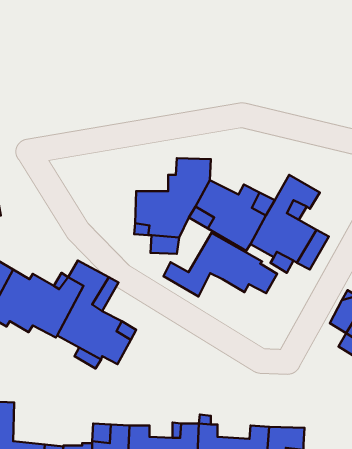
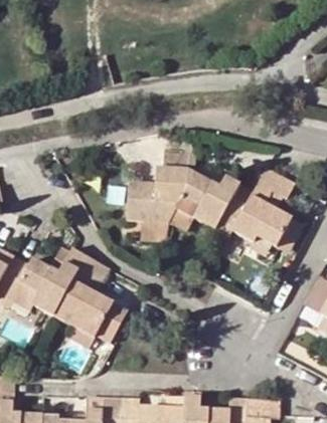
building: [164,233,277,296] -> none

